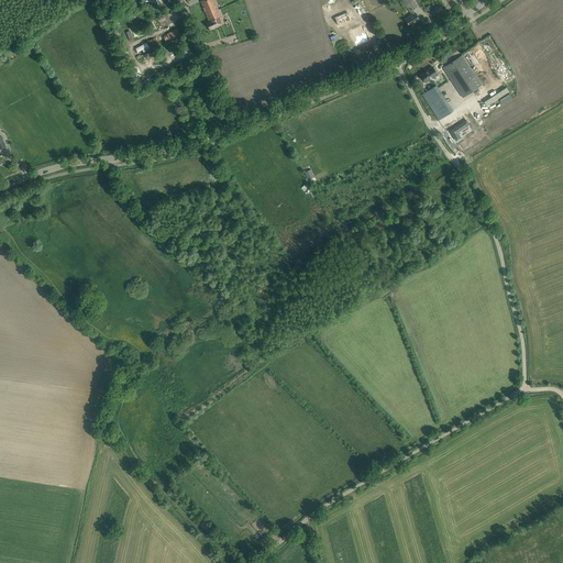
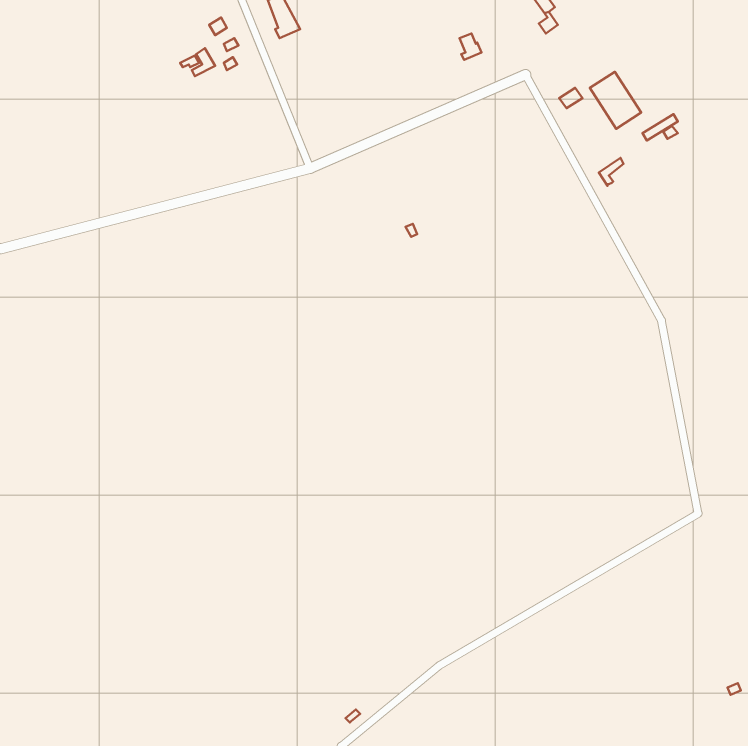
building: [422,85,453,119] -> none

